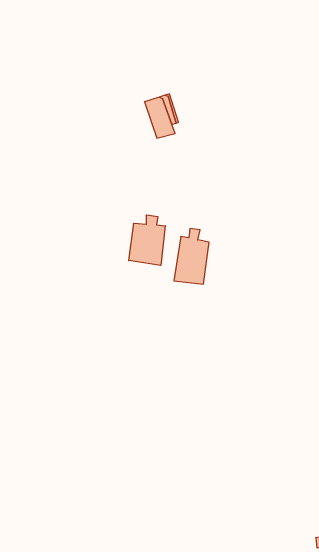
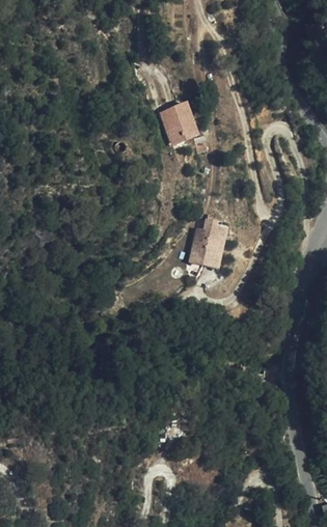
building: [129,215,165,265] -> none

